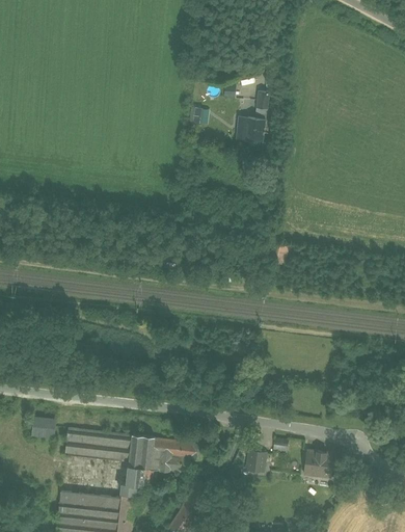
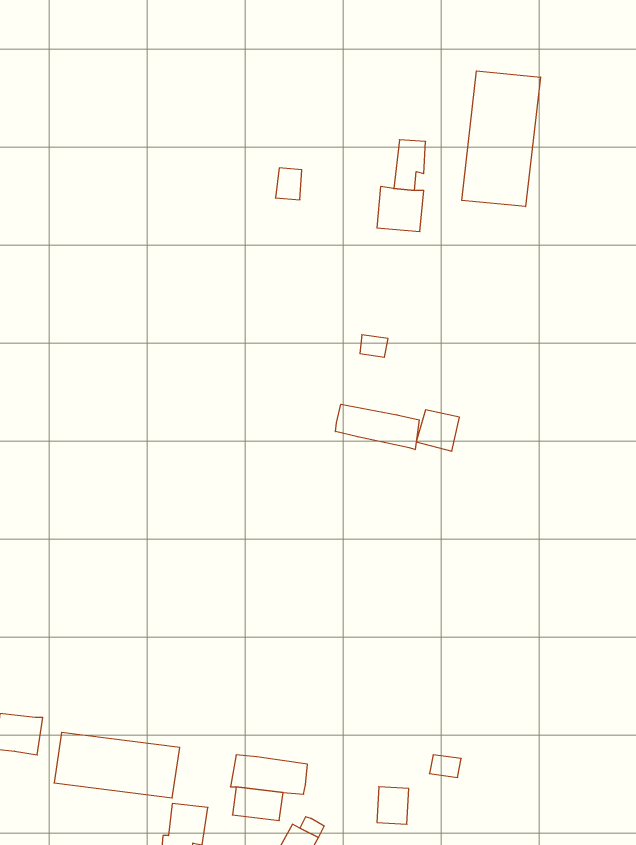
building: none -> [462,71,541,207]
building: none -> [335,404,419,450]
building: [129,433,157,468] -> none
building: [301,448,333,477] -> none

